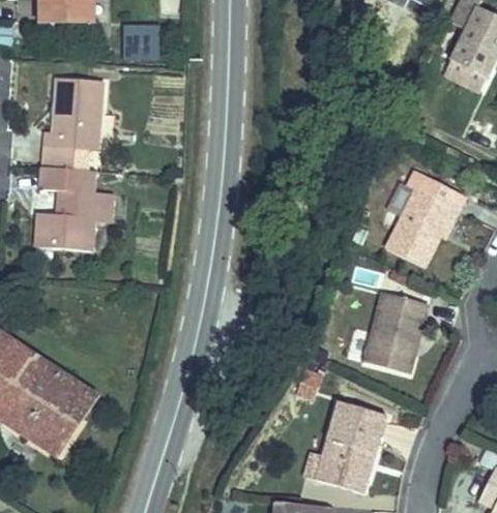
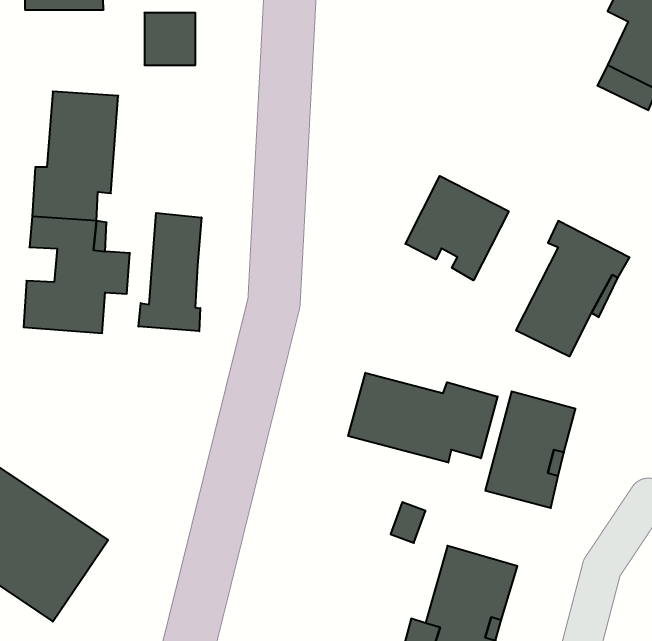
building: none -> [405,176,509,280]
building: none -> [138,213,201,331]
building: none -> [348,373,498,463]

